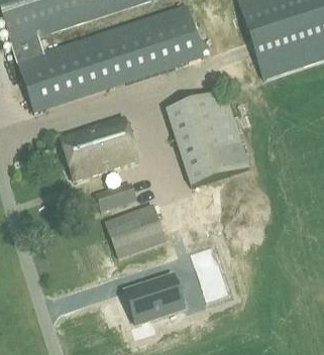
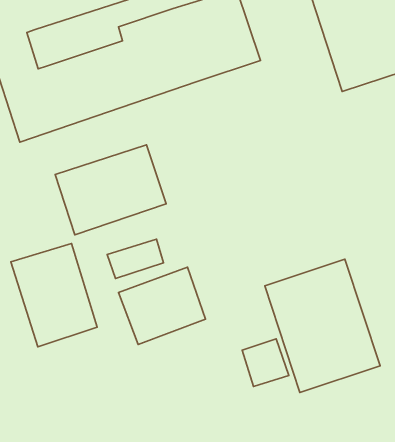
building: [166,90,248,186] -> [265,259,380,393]
building: none -> [11,243,97,347]
building: [124,273,184,324] -> none

